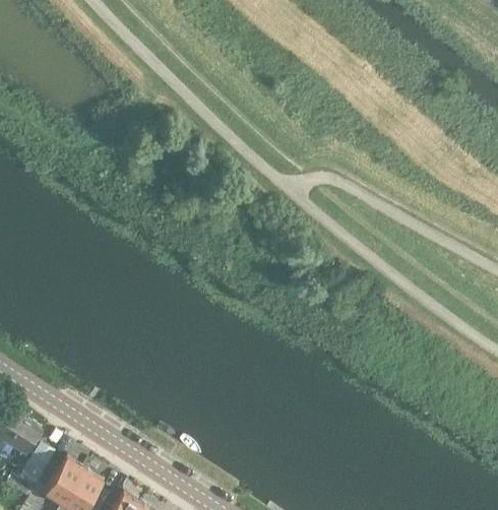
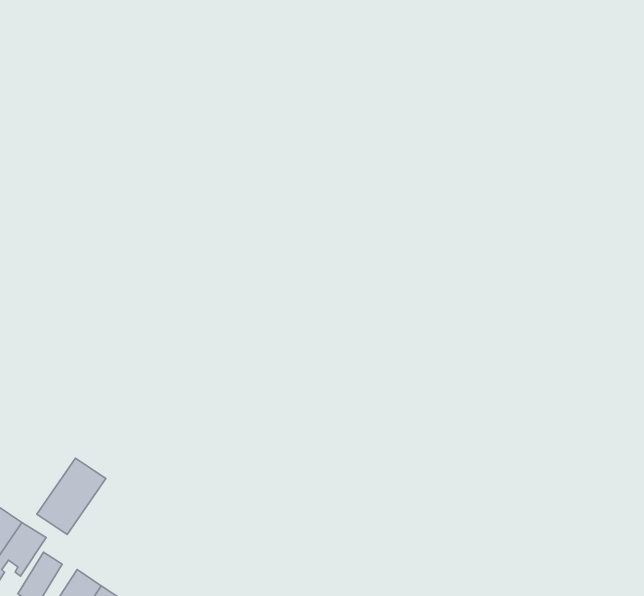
building: none -> [37,458,106,535]

